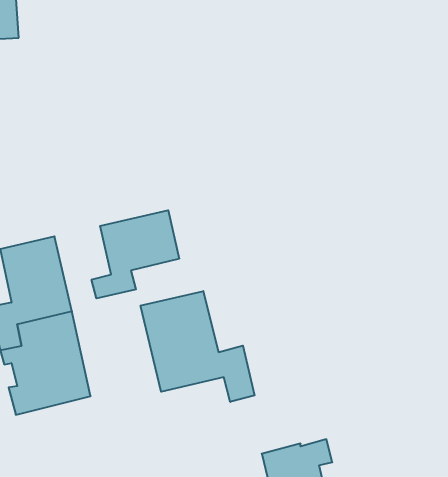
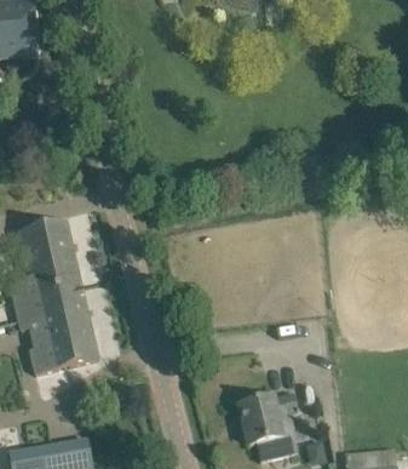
building: [92,210,179,298] -> none
building: [141,291,255,402] -> none

